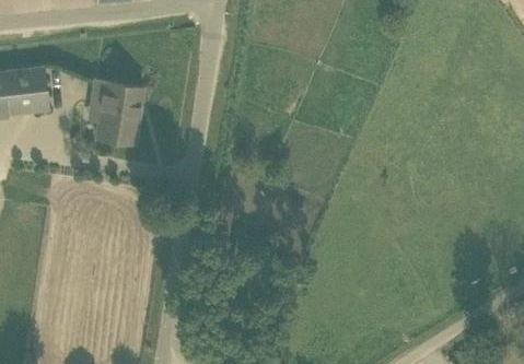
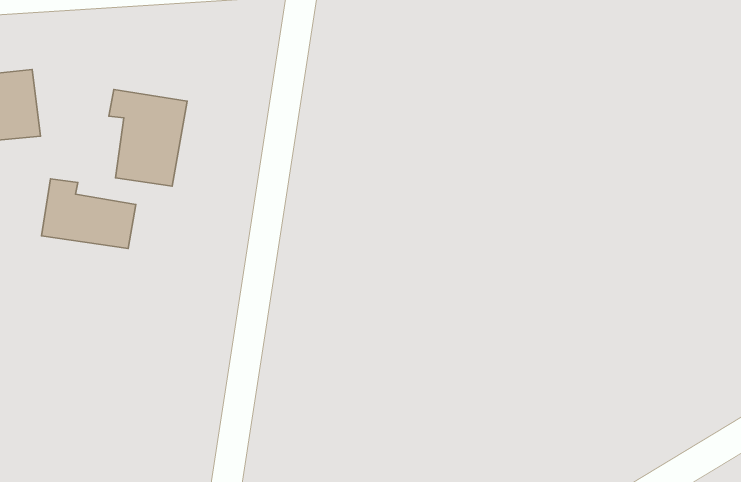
building: none -> [41,179,136,249]

